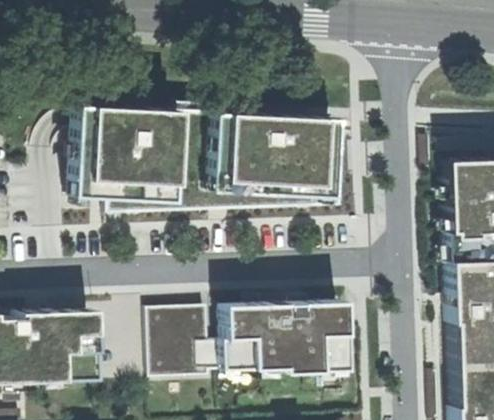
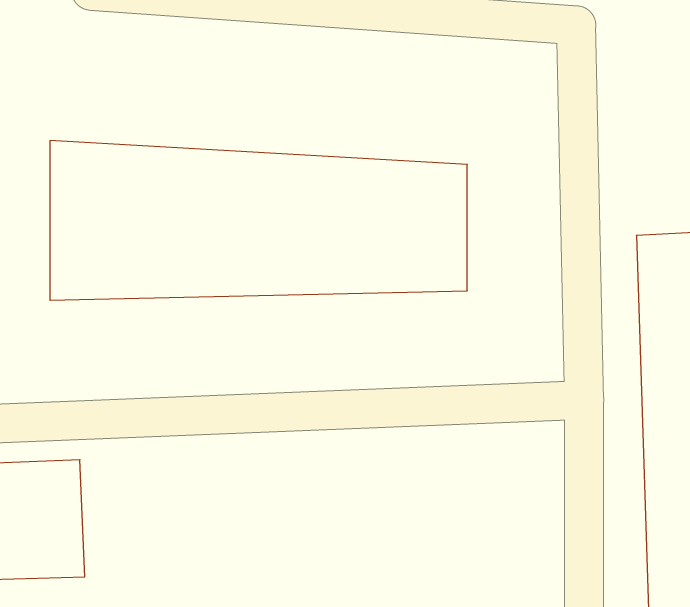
building: [149,300,353,377] -> none

